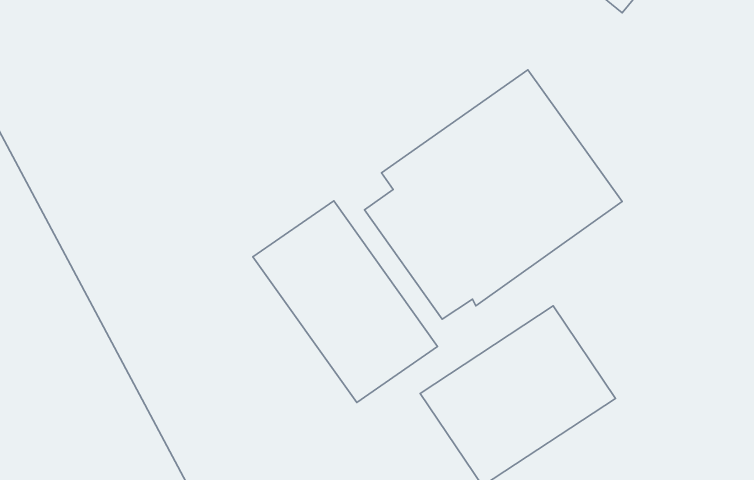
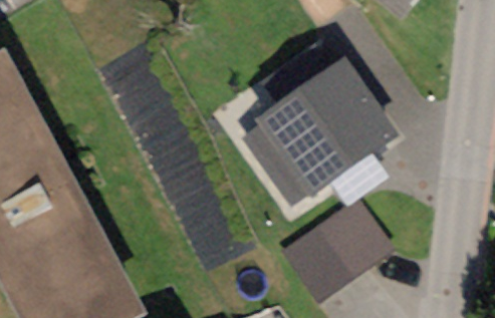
building: [253,201,438,403] -> none

